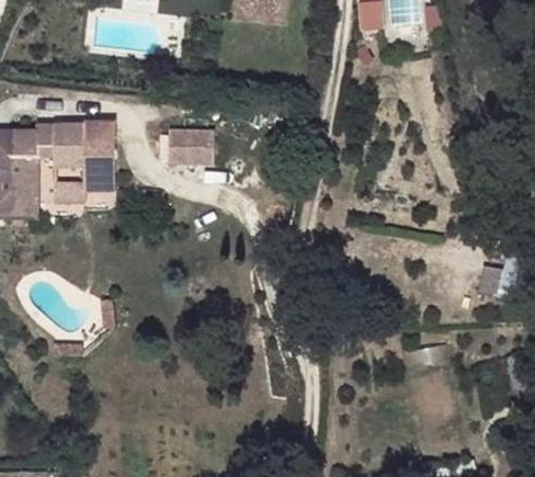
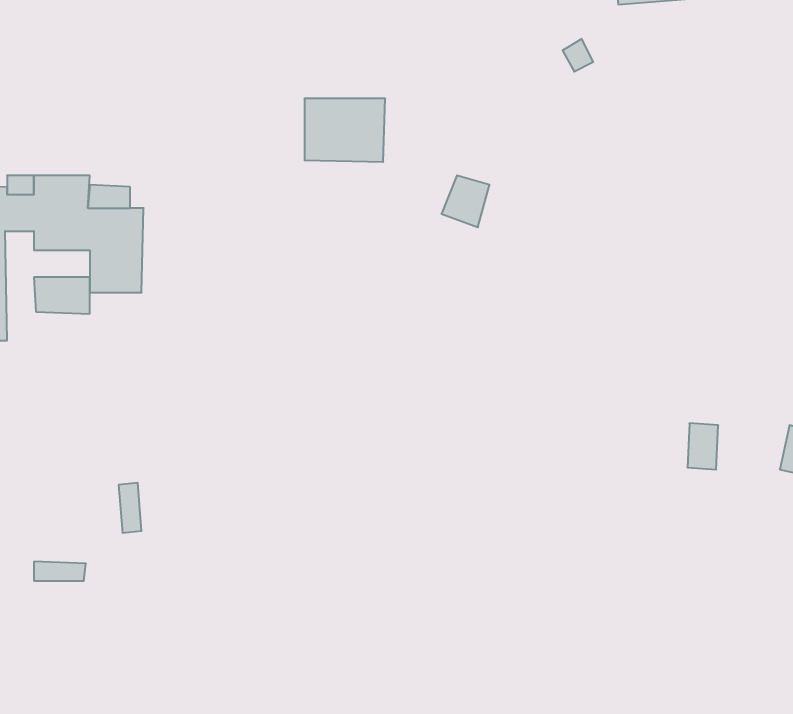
building: [164,128,210,164] -> [304,99,385,162]

